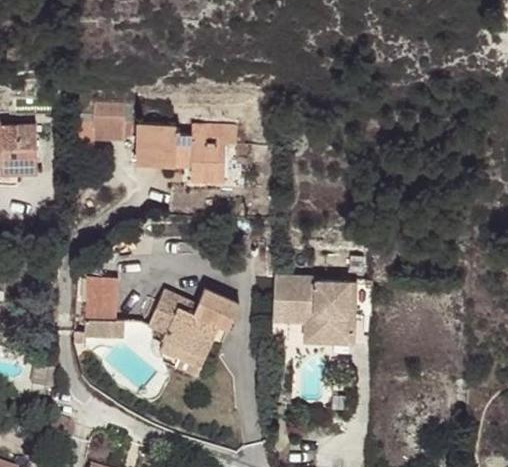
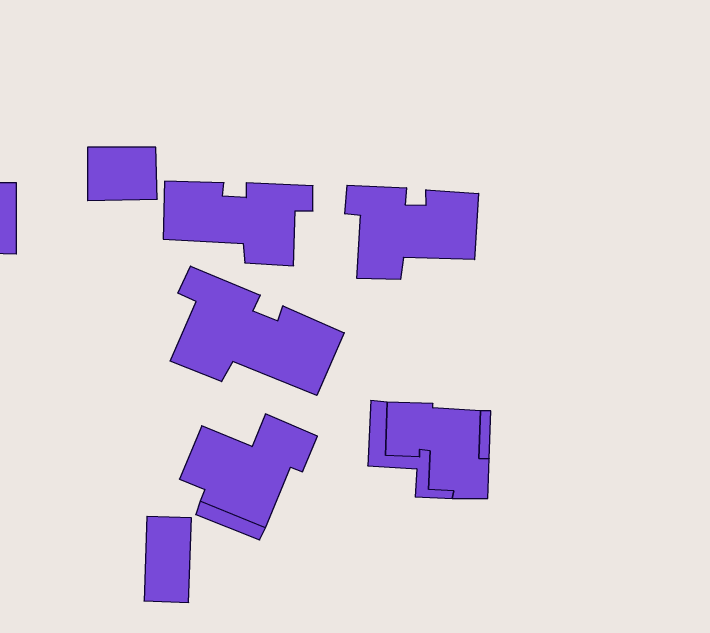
building: none -> [345,185,479,279]
building: none -> [170,266,344,395]
building: [86,281,118,339] -> [144,516,191,602]

